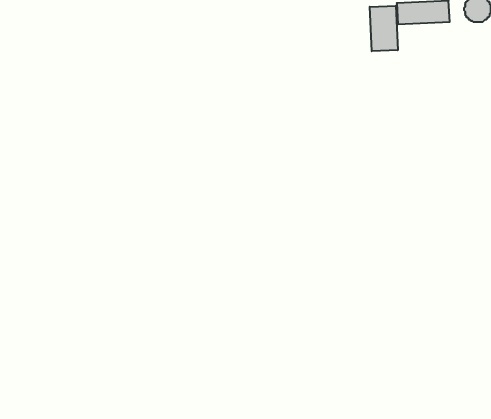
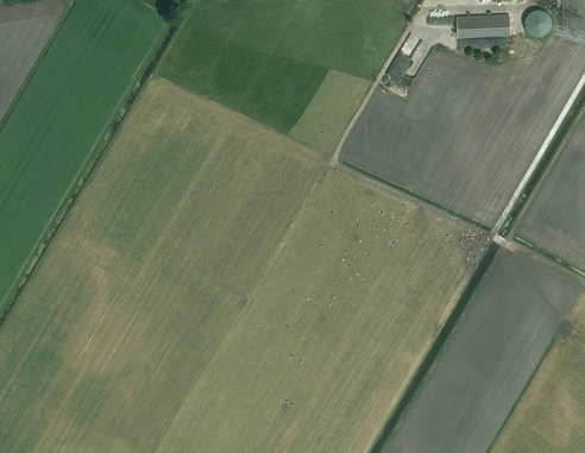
building: [370,6,398,51] -> none

